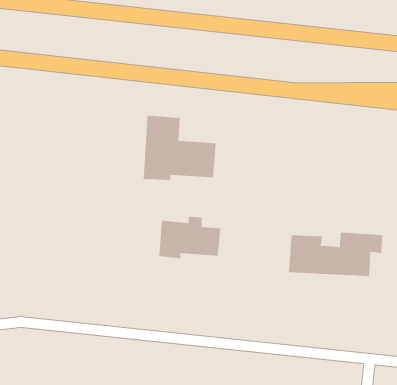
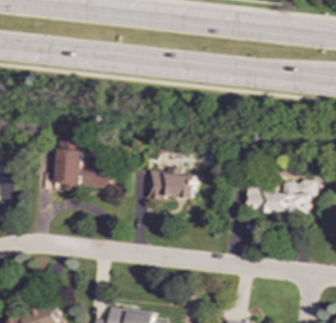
building: [143,115,216,180] -> [54,139,110,189]

